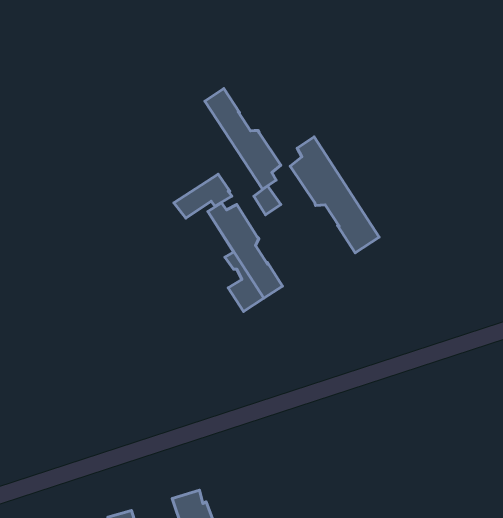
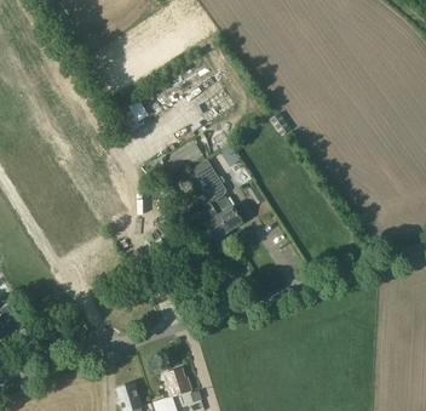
building: [205,89,281,189] -> none
building: [290,137,379,253] -> none

